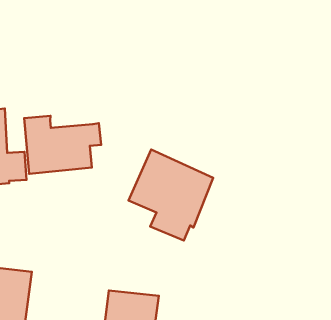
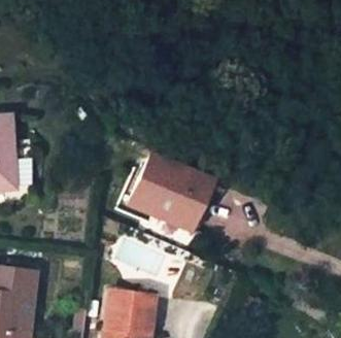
building: [24,116,101,174] -> none

